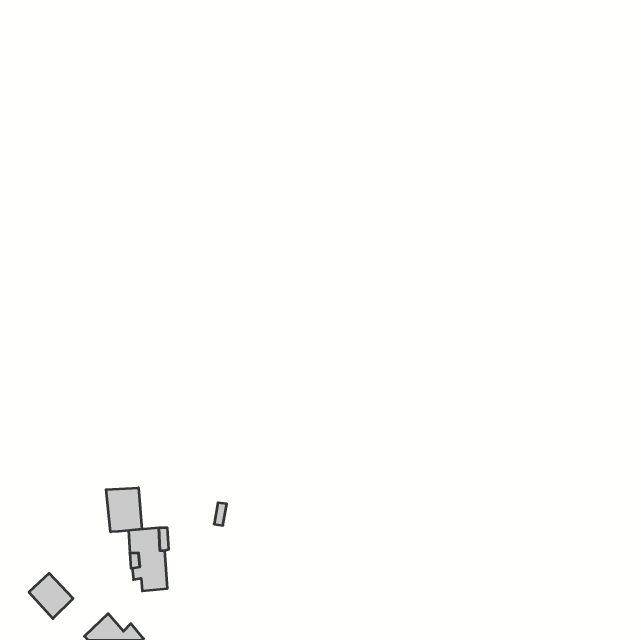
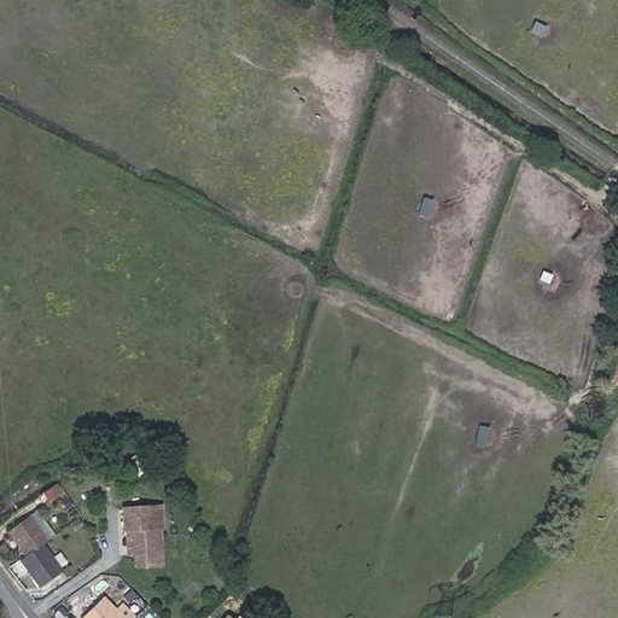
building: [106,488,142,532] -> none
building: none -> [12,523,52,562]

